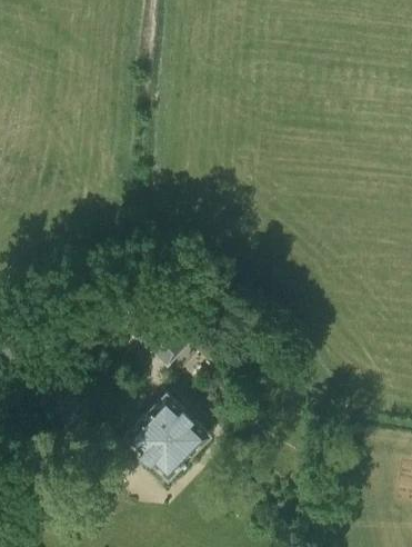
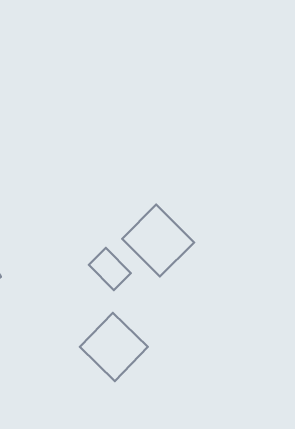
building: none -> [122,204,194,277]

